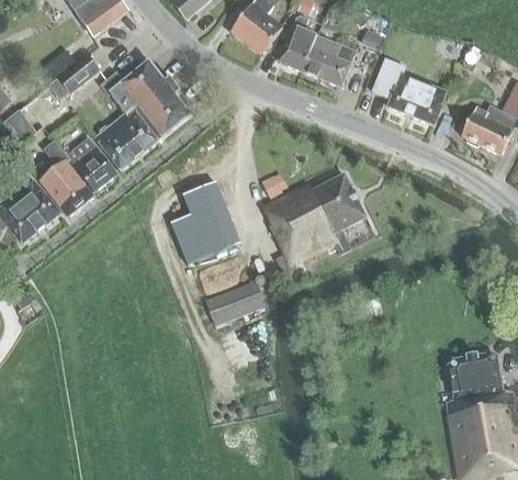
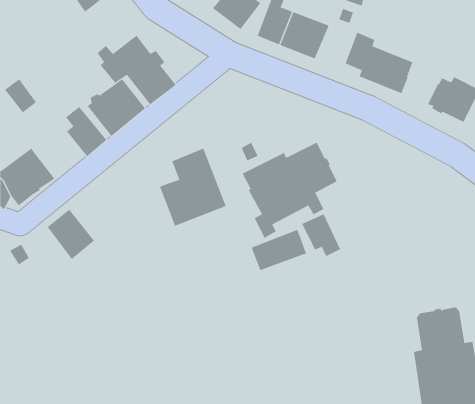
building: [48,51,101,97] -> none
building: [42,161,93,216] -> [47,209,95,260]
building: none -> [302,214,341,257]
building: [204,278,264,323] -> [251,229,307,271]

